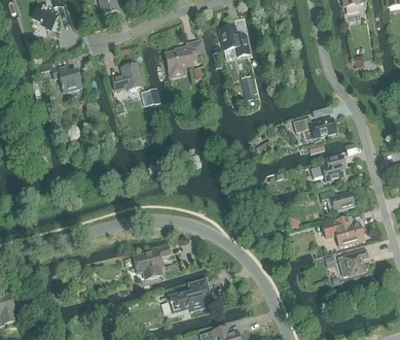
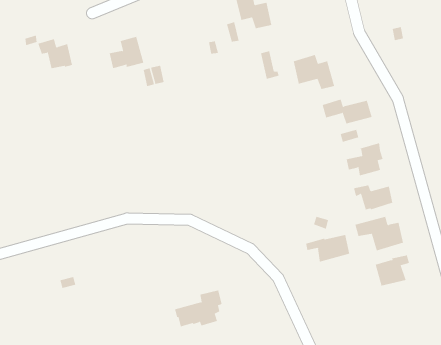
building: [165,41,204,76] -> none
building: none -> [293,54,335,90]
building: none -> [306,234,350,262]
building: [133,244,170,279] -> none

